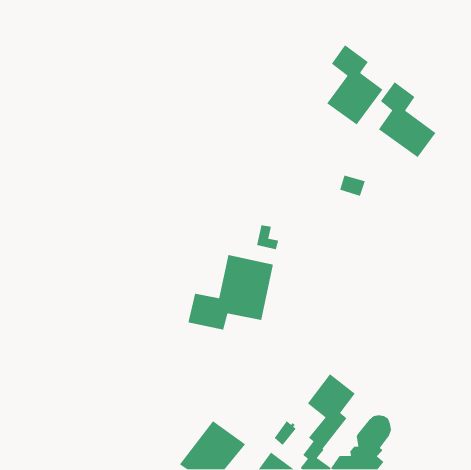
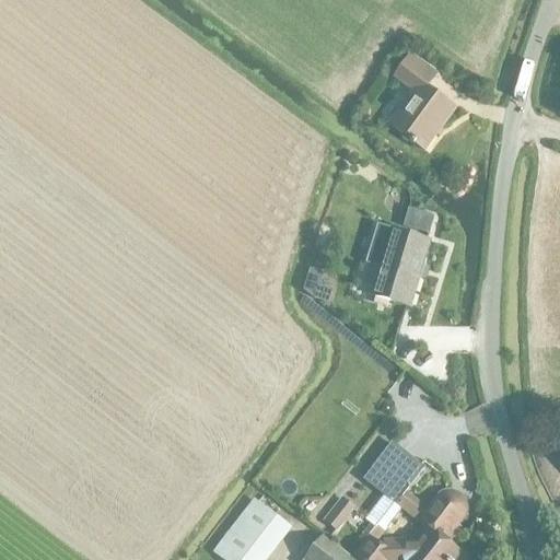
building: [378,81,437,158] -> none
building: none -> [364,224,429,306]
building: [188,254,274,331] -> none

